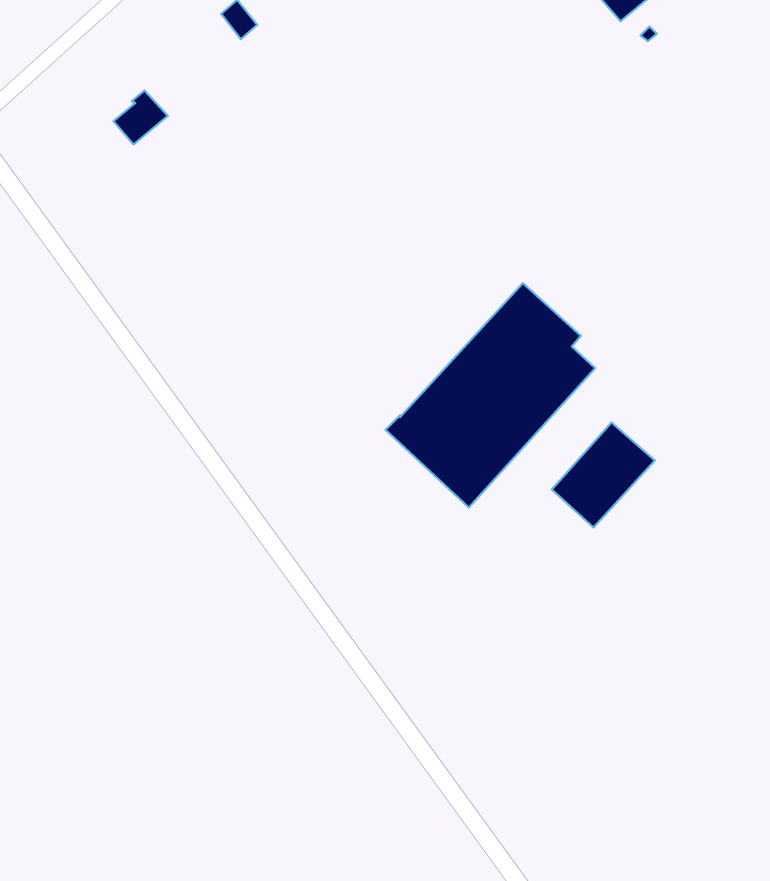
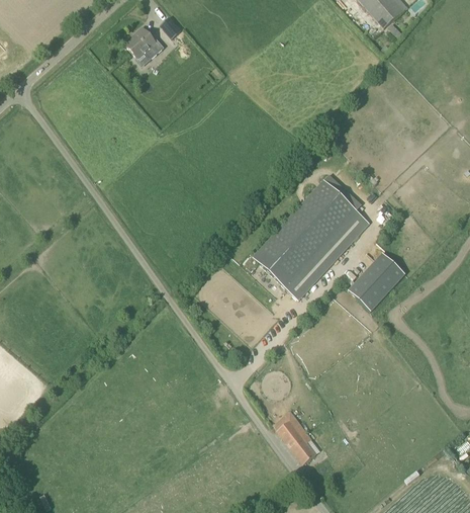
building: [114,90,168,145] -> [125,27,156,58]
building: none -> [273,410,316,464]

